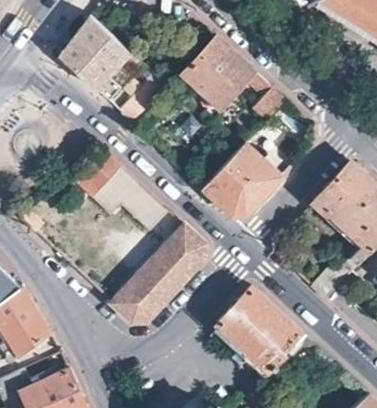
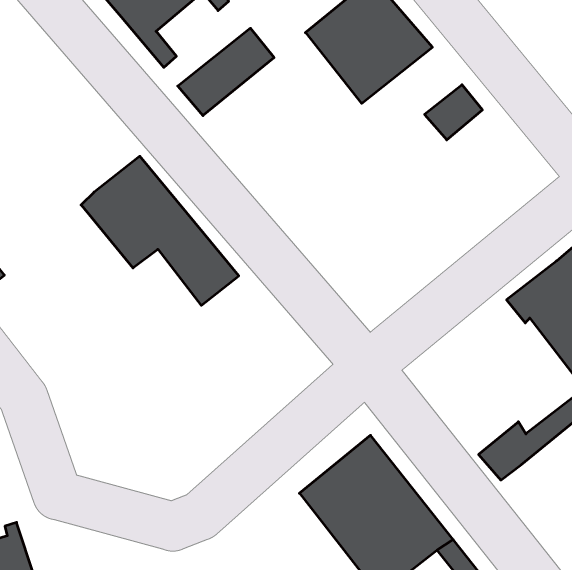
building: [203,143,282,216] -> none
building: [112,226,204,321] -> none

